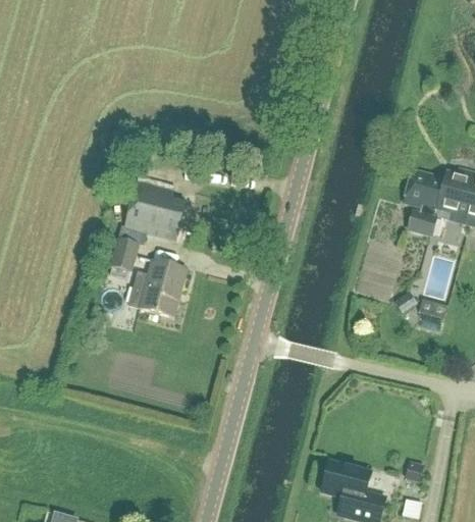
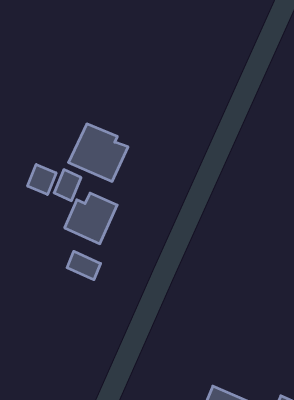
building: none -> [28,164,56,195]
building: none -> [67,251,101,280]

